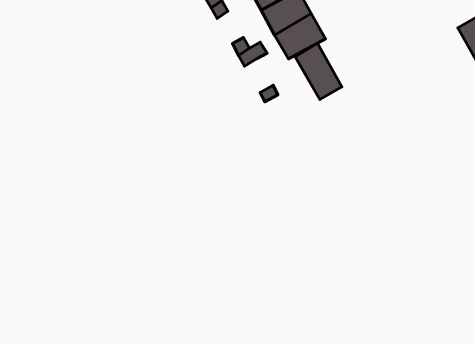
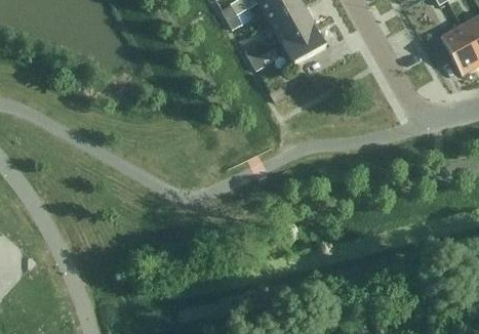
building: [295,43,342,99] -> none

